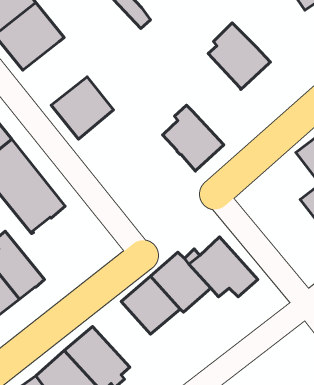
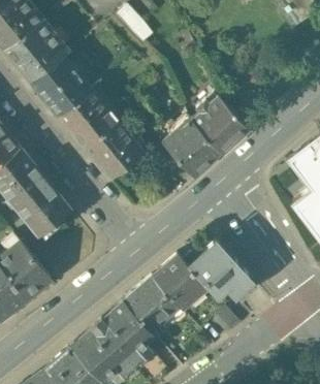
building: [208,23,270,90] -> [191,92,250,155]
building: none -> [31,56,92,116]
building: none -> [84,120,143,180]
building: none -> [97,300,155,362]

